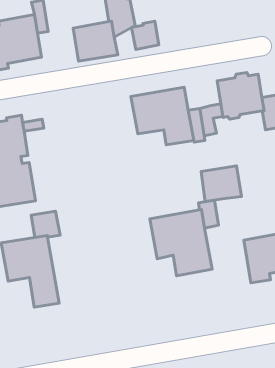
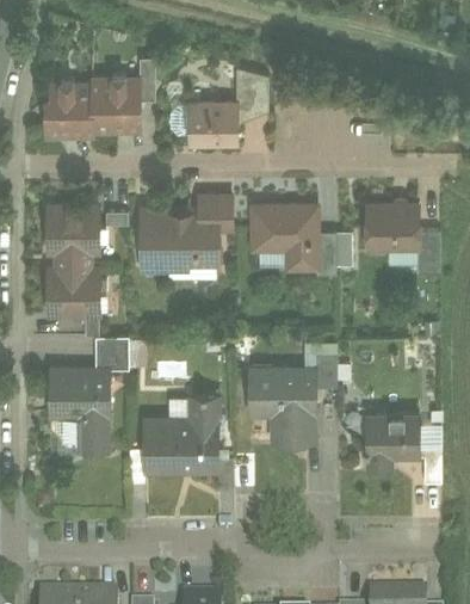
building: [131,21,159,49] -> none
building: none -> [136,191,231,273]
building: [201,166,242,202] -> none
building: none -> [141,396,217,476]

